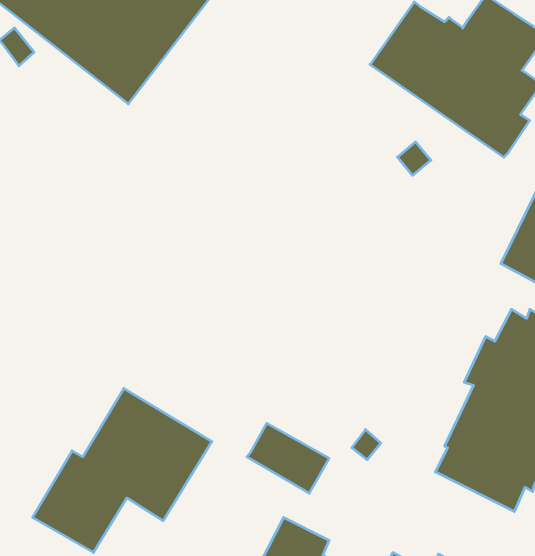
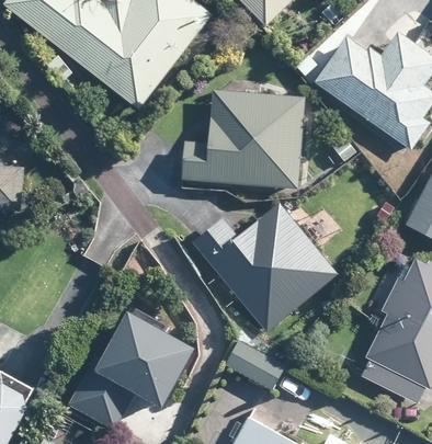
building: none -> [183,90,303,187]
building: none -> [191,203,337,332]

